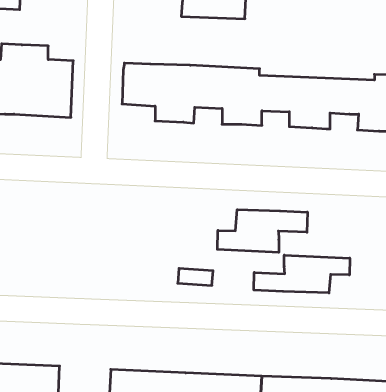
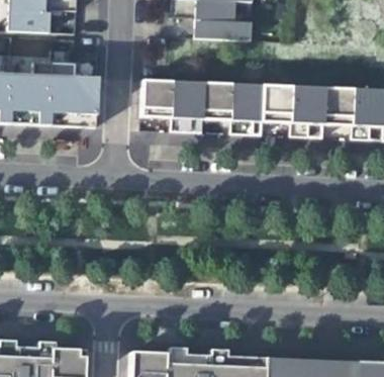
building: [217,210,307,252] -> none
building: [254,255,350,293] -> none

